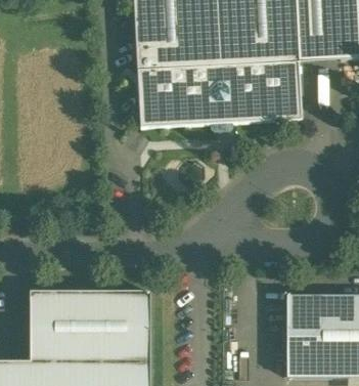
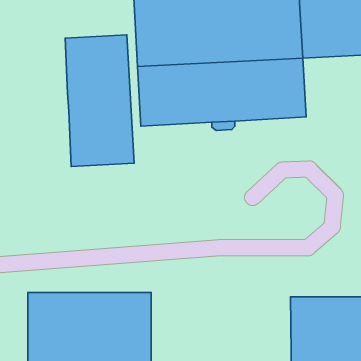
building: none -> [65,35,134,166]

